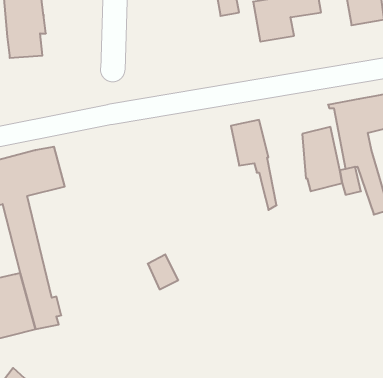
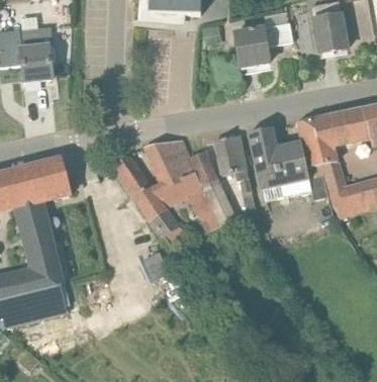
building: none -> [248,126,283,199]
building: none -> [113,139,235,242]

